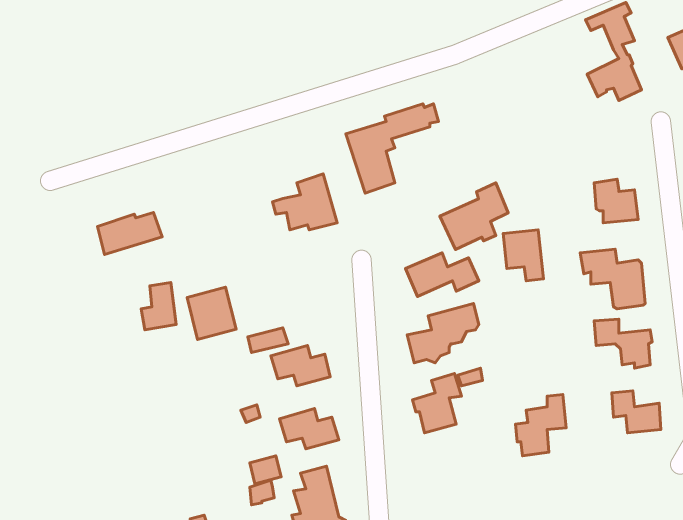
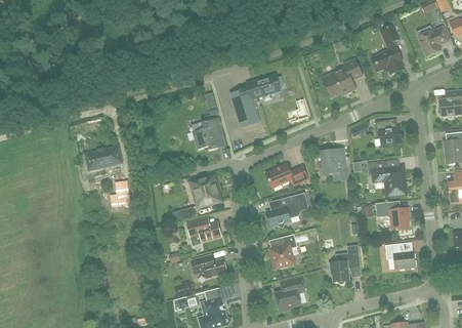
building: [440,183,508,249] -> [322,57,362,96]
building: [187,287,236,340] -> [191,175,219,206]
building: none -> [275,277,303,311]

